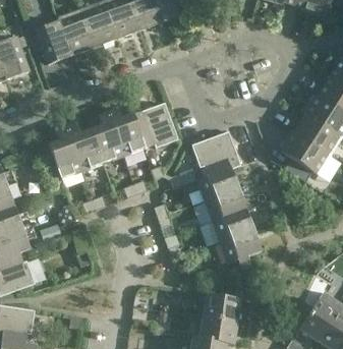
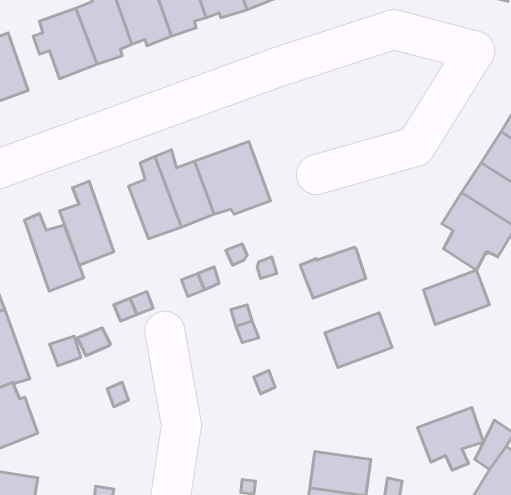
building: [66,123,103,171] -> [25,214,84,291]
building: [191,131,240,176] -> none
building: [205,187,245,221] -> [424,270,490,324]
building: [220,230,261,269] -> [417,408,483,470]

